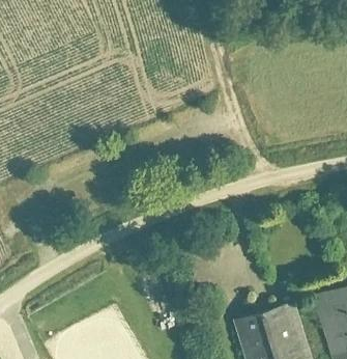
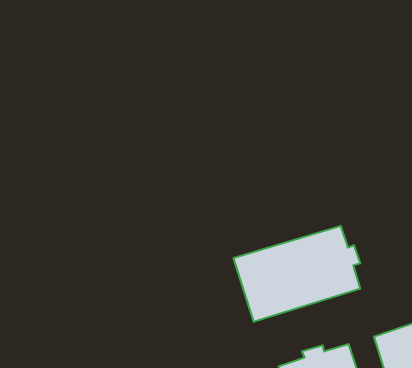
building: none -> [234,226,360,322]

